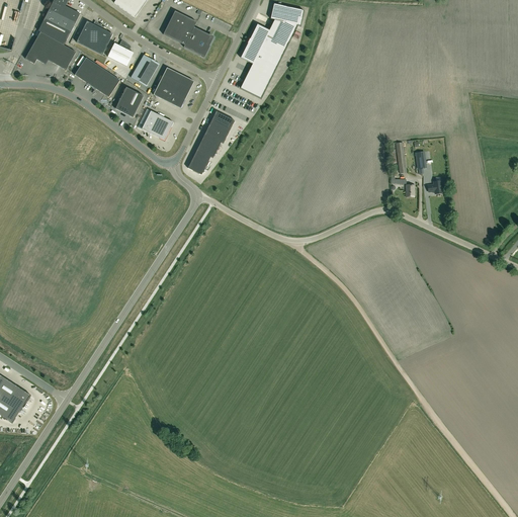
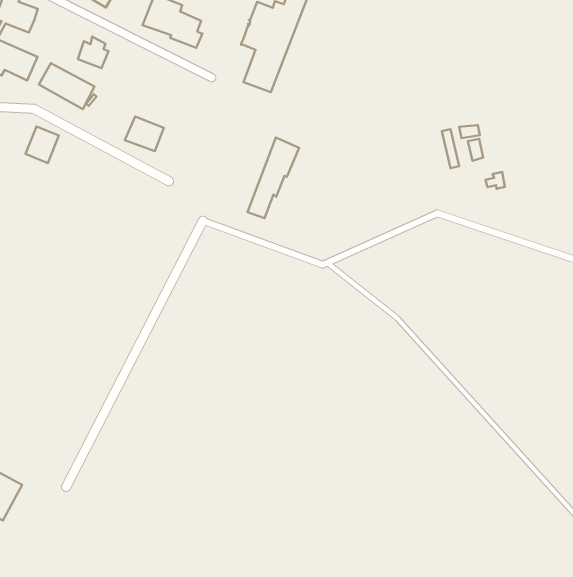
building: [76,20,113,55] -> none
building: [131,55,160,86] -> none
building: [154,67,194,107] -> none
building: [115,87,144,117] -> [25,126,59,163]
building: [188,110,235,174] -> [248,138,299,218]

